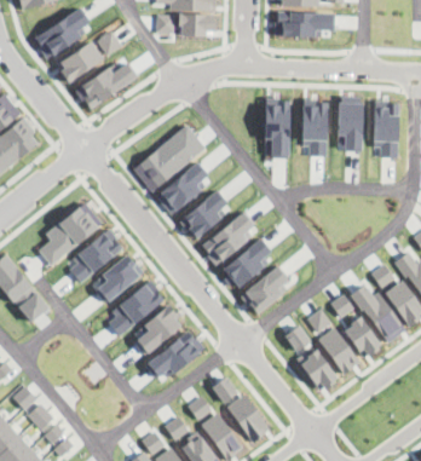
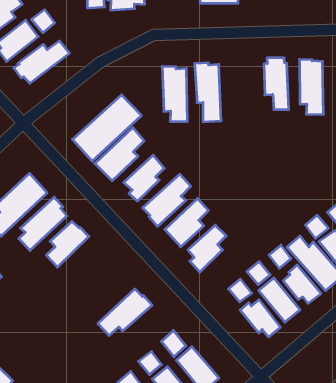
building: [301,98,328,157] -> [162,66,187,121]
building: [105,278,165,336] -> none
building: [133,302,179,355] -> none

